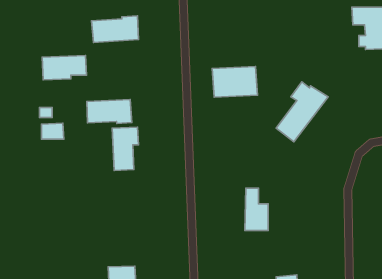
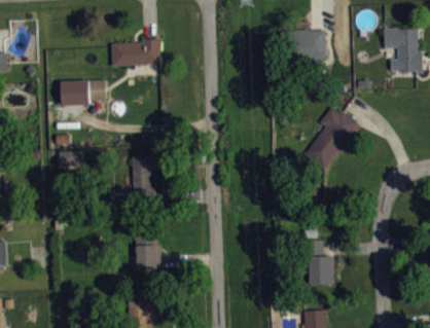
building: [212,67,257,97] -> [281,29,328,61]
building: [87,100,132,123] -> none
building: [245,188,268,230] -> [310,240,334,284]
building: none -> [136,230,162,269]

